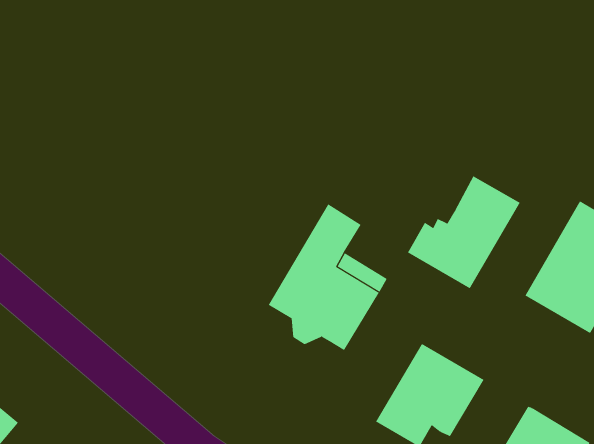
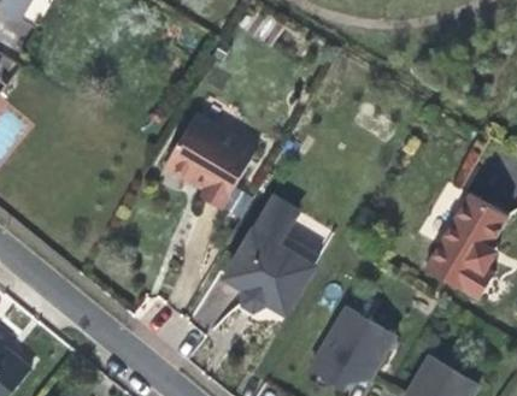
building: none -> [163,117,254,209]
building: [407,176,520,289] -> none

